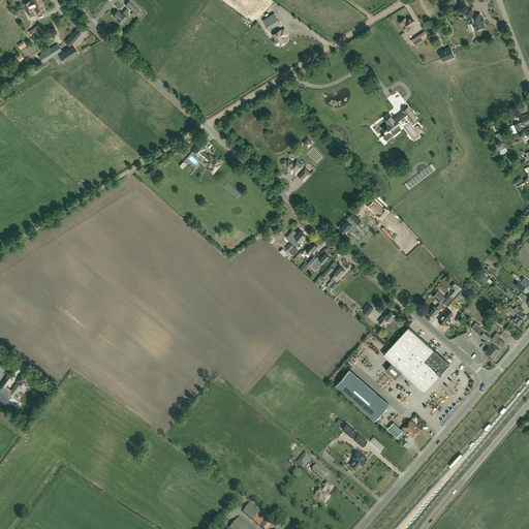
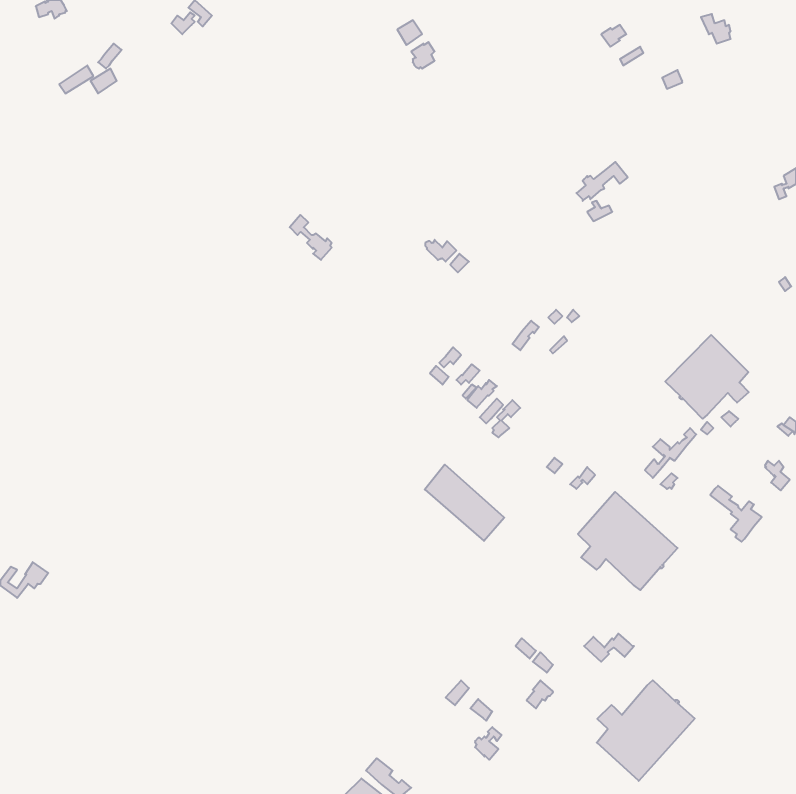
building: none -> [665,335,749,419]
building: [336,371,388,422] -> [425,465,504,541]
building: none -> [597,680,695,781]

